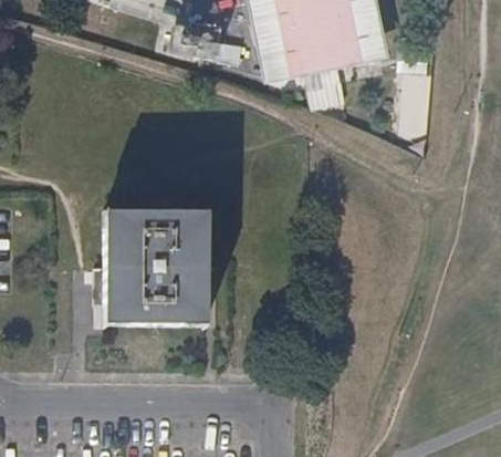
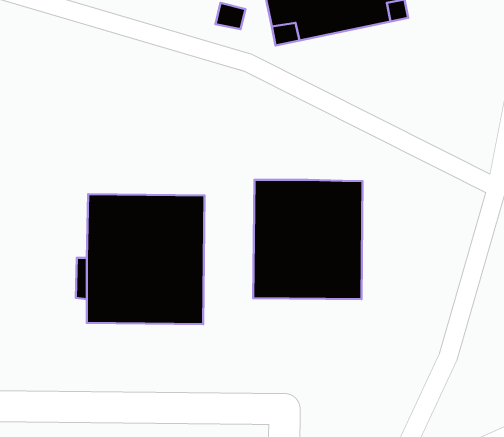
building: none -> [253,180,363,299]

